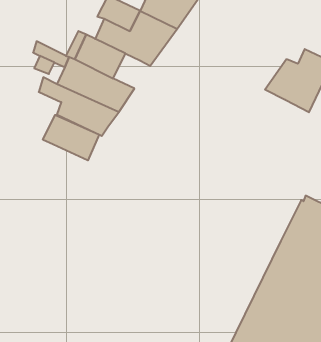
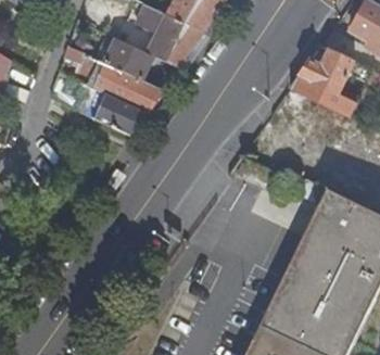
building: [43,115,99,160] -> none

